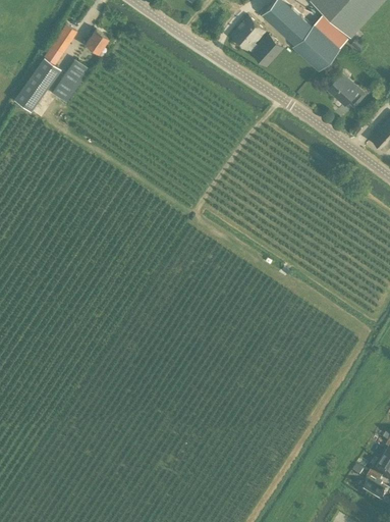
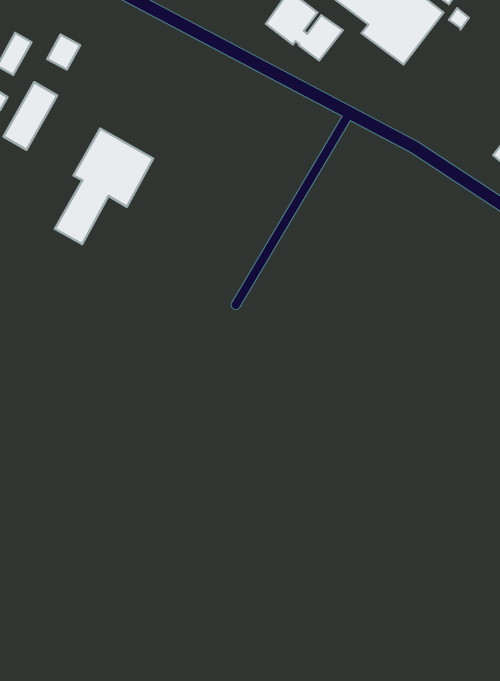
building: [327,75,364,107] -> none
building: none -> [55,129,153,244]

